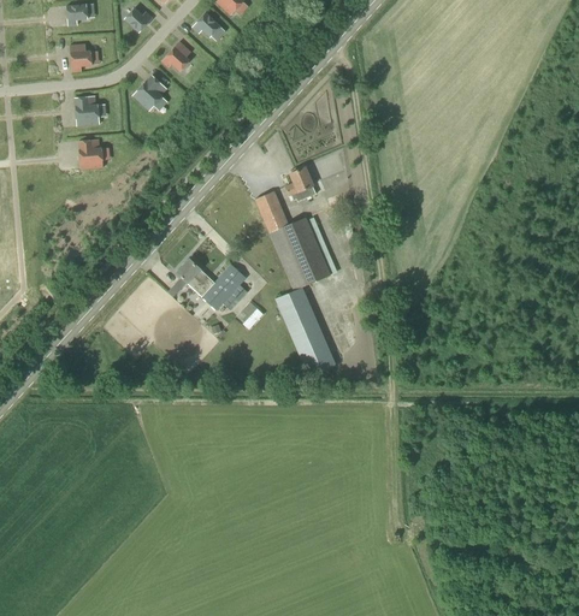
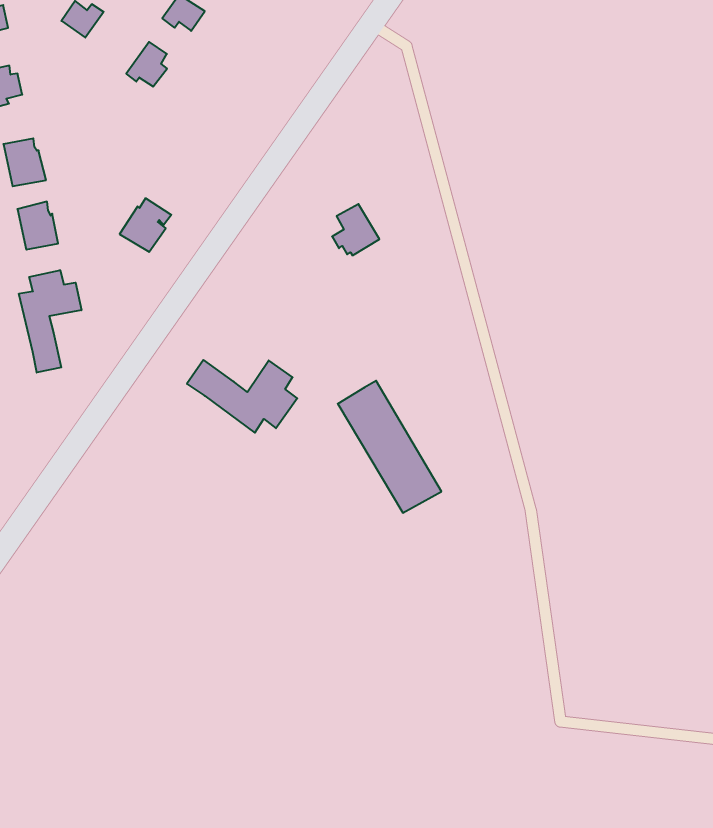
building: [131,75,167,111] -> [120,198,171,252]
building: none -> [19,270,81,373]
building: [254,190,330,290] -> none

